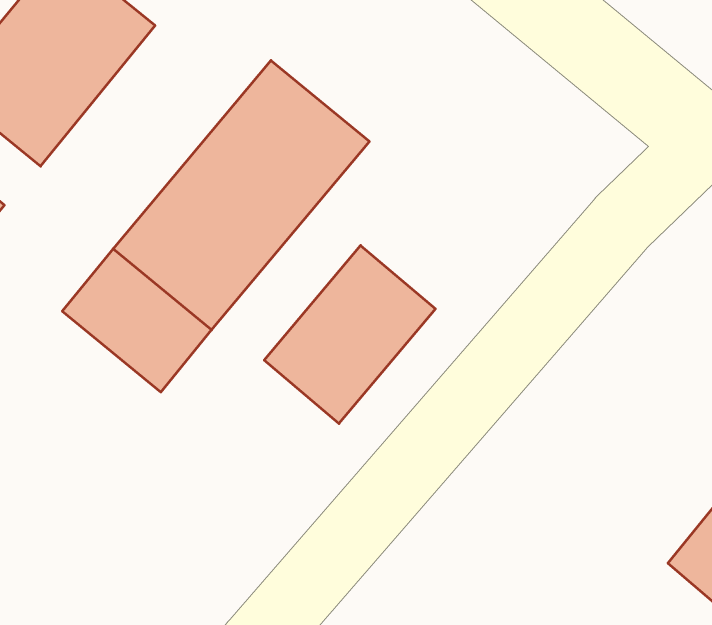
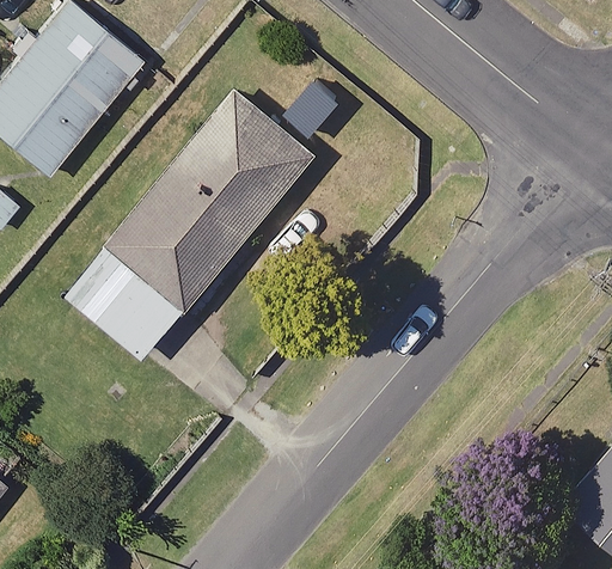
building: [264,245,435,424] -> none

